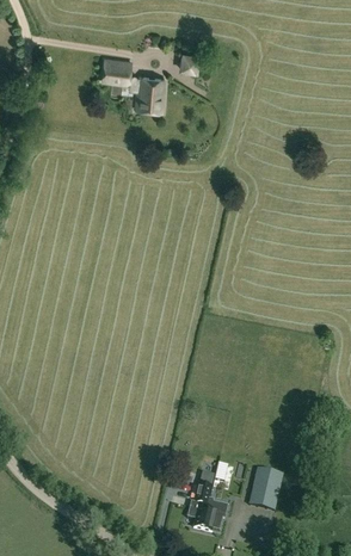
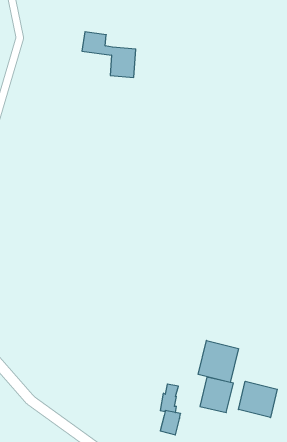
building: none -> [198,340,238,382]
building: none -> [238,381,277,418]

